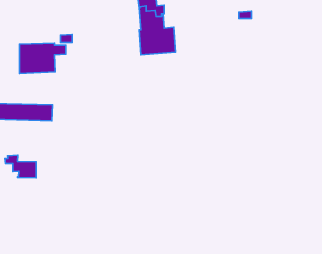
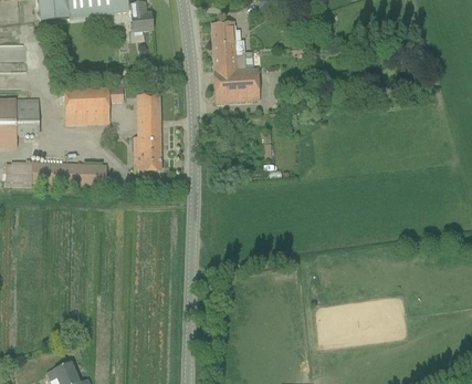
building: none -> [134,94,161,170]
building: [5,155,36,178] -> none

